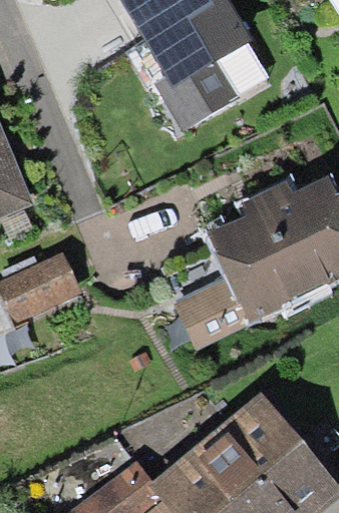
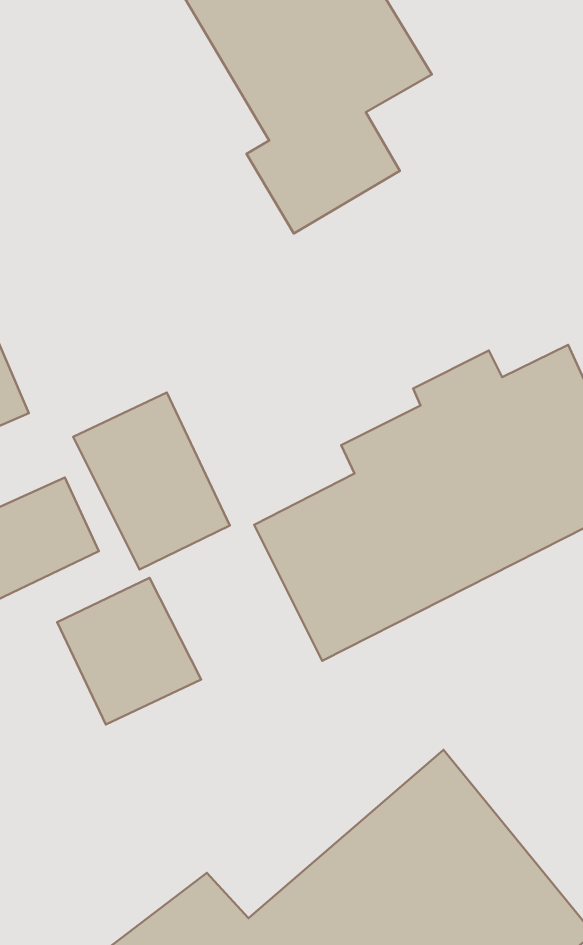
building: none -> [73,392,230,570]
building: none -> [57,578,201,725]

